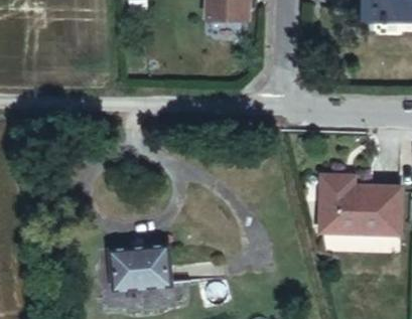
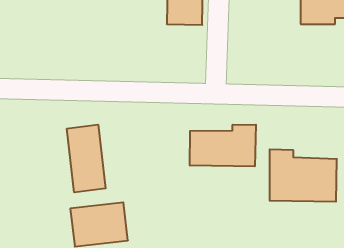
building: none -> [67,125,106,192]
building: none -> [190,125,256,166]

